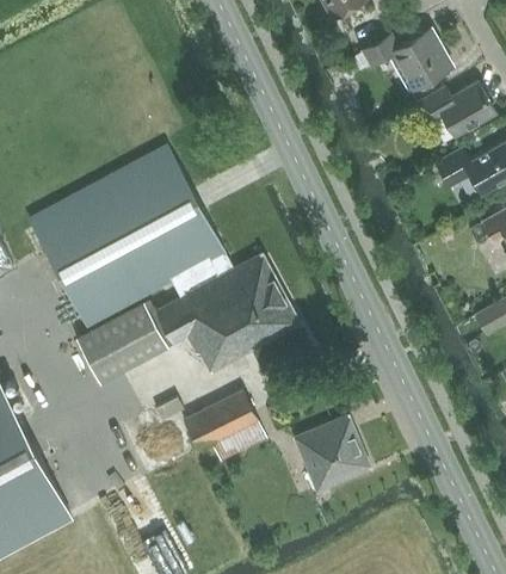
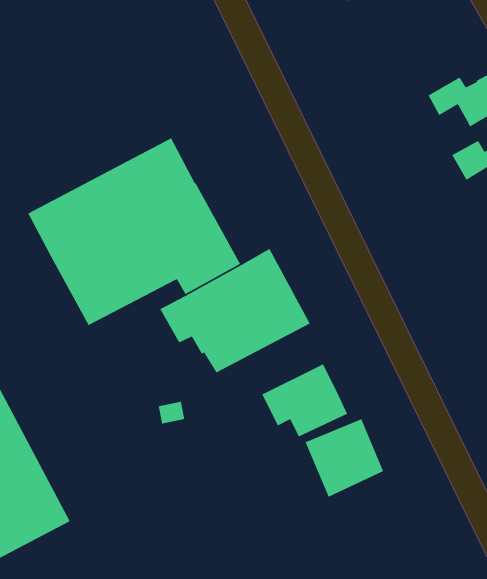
building: [362,26,452,91] -> none
building: [76,300,174,382] -> none
building: [184,390,267,462] -> [261,363,348,438]

